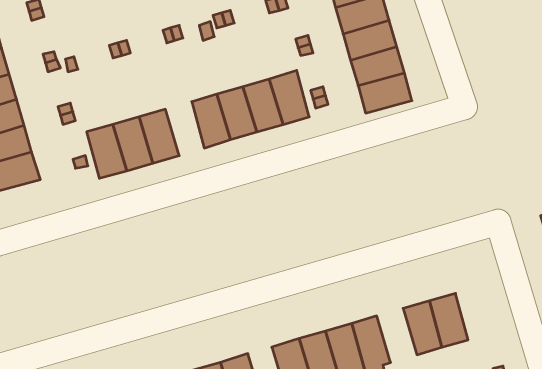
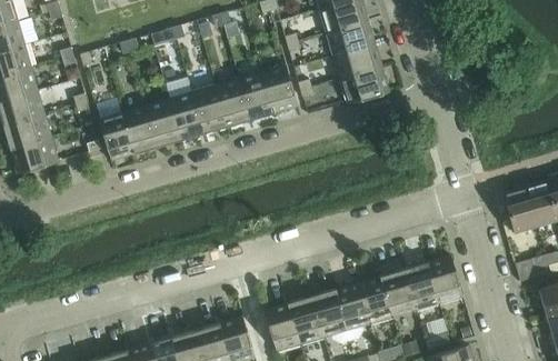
building: none -> [169,92,203,140]
building: none -> [427,255,462,303]
building: none -> [357,275,392,323]

